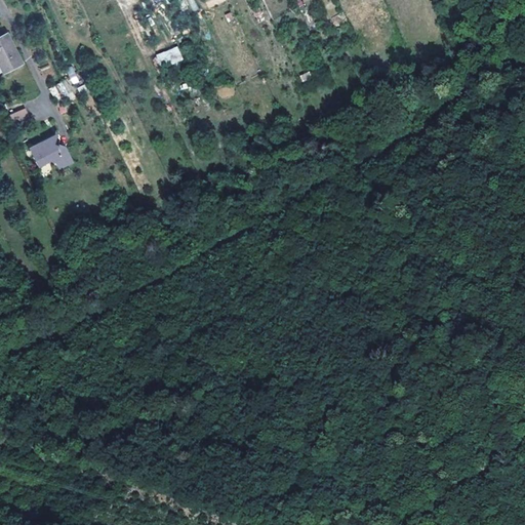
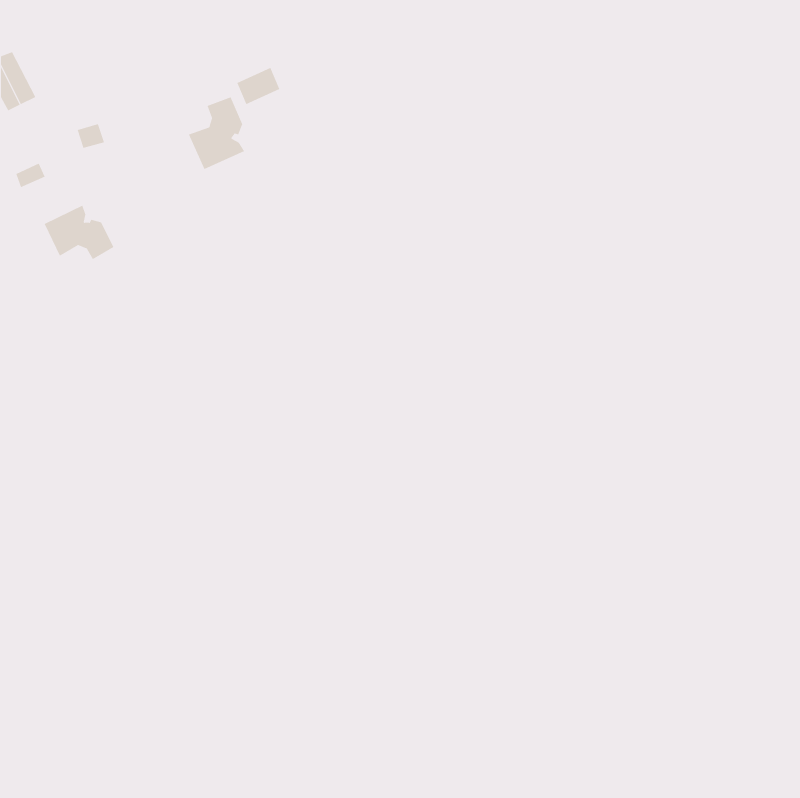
building: none -> [188,97,245,170]

